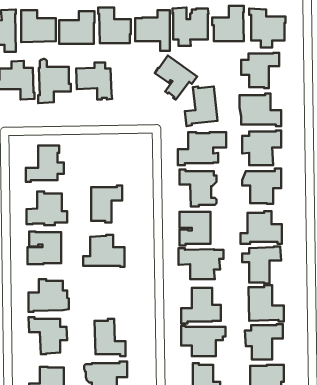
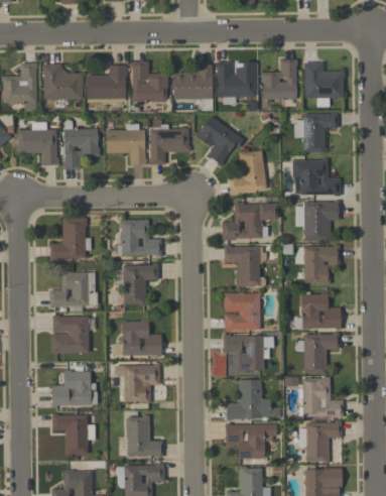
building: none -> [148,119,190,164]
building: none -> [117,220,161,257]
building: none -> [115,363,159,403]

